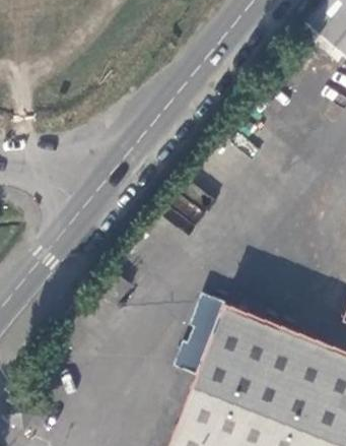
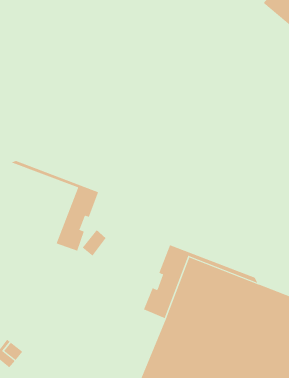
building: none -> [10,160,99,251]

